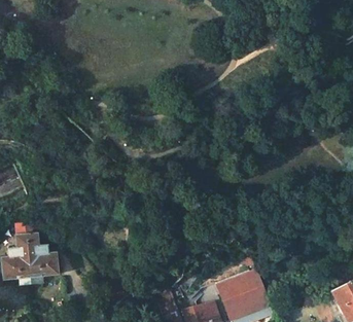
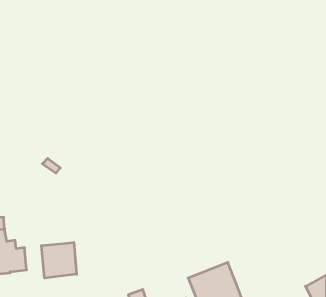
building: none -> [41,242,77,278]

